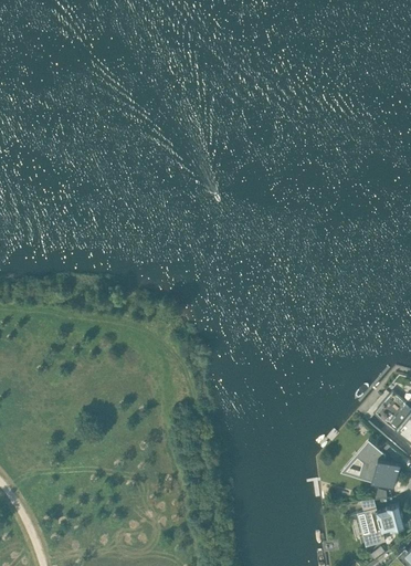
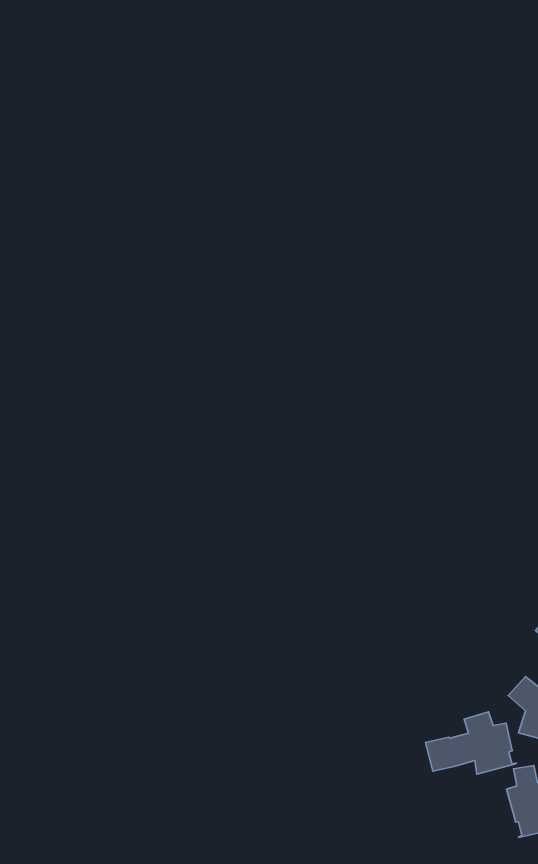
building: none -> [426,712,516,774]

